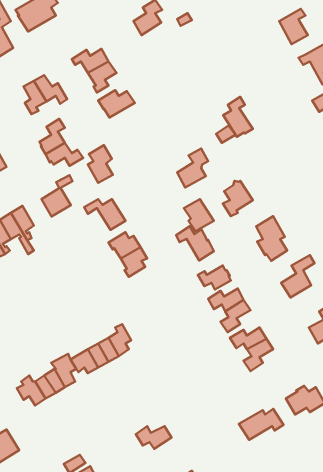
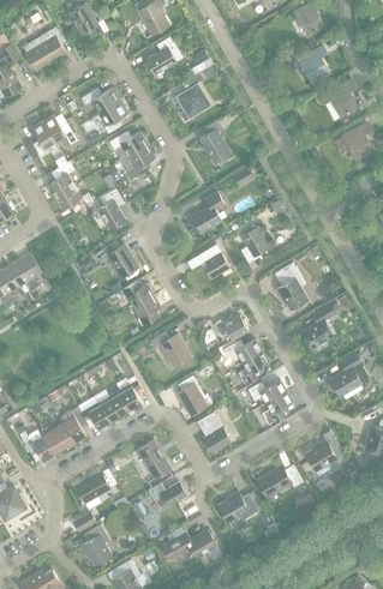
building: none -> [173,71,210,120]
building: [223,97,253,137] -> [198,119,229,161]
building: none -> [120,143,154,178]
building: [41,175,73,217] -> none
building: [176,226,214,260] -> [149,330,188,366]
building: none -> [175,374,211,415]
building: none -> [196,410,231,452]
building: none -> [136,438,169,476]
building: none -> [73,469,109,501]
building: none -> [216,489,257,521]

